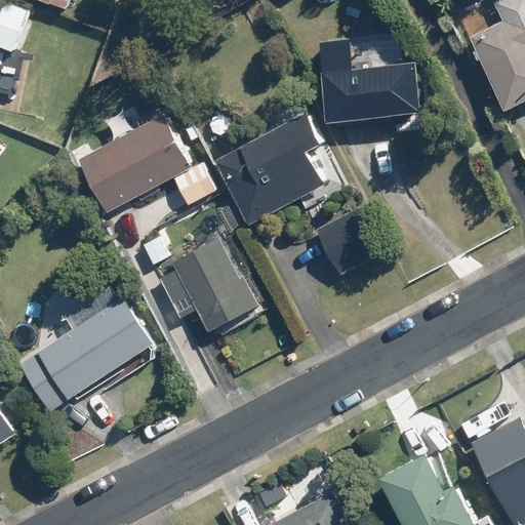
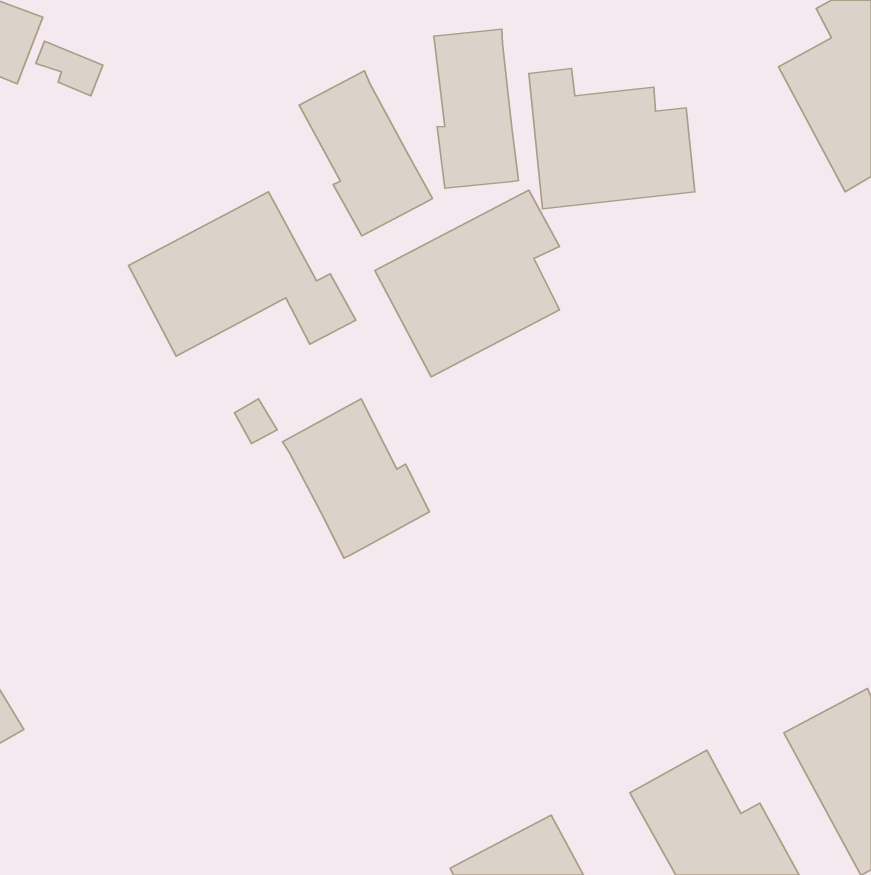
building: none -> [434,29,518,188]
building: none -> [299,71,433,236]
building: [313,210,376,276] -> none
building: [29,286,166,414] -> none

